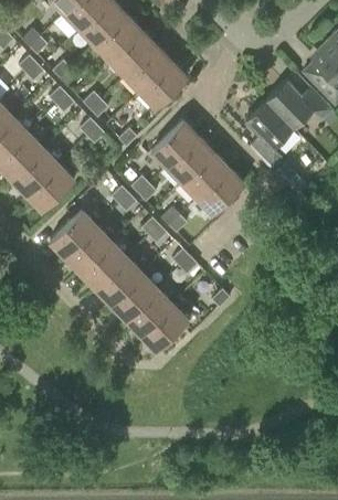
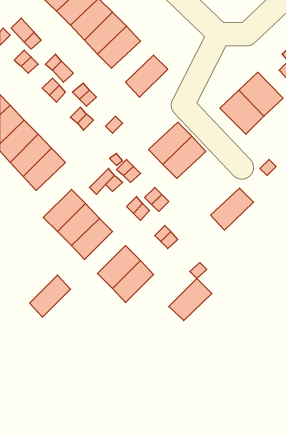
building: [125,46,171,92] -> none
building: [151,120,198,166] -> none
building: [197,168,244,214] -> [211,188,254,230]
building: [95,256,140,302] -> [30,275,71,317]
building: [140,304,188,350] -> [169,279,212,321]

